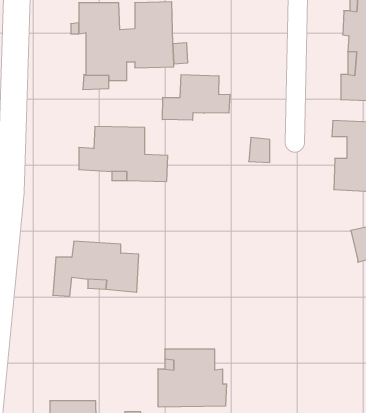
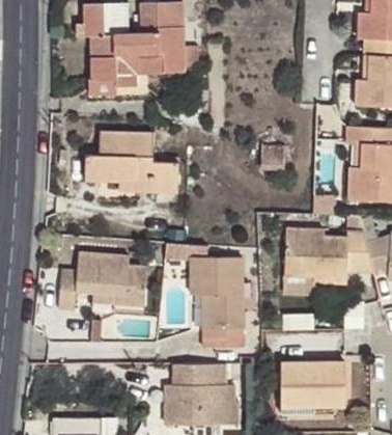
building: [162,75,230,120] -> none
building: none -> [284,215,374,294]
building: none -> [191,260,242,348]
building: none -> [280,364,345,415]

